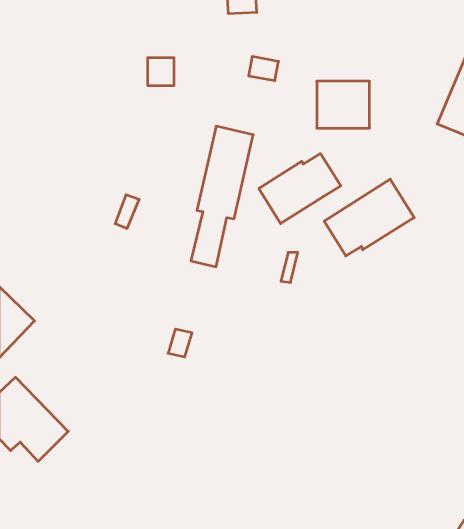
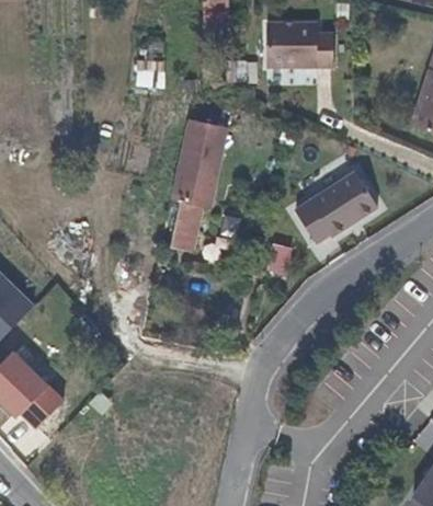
building: [317,81,370,128] -> [273,26,321,69]
building: [259,154,341,224] -> none

